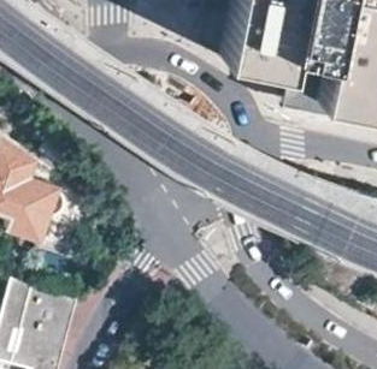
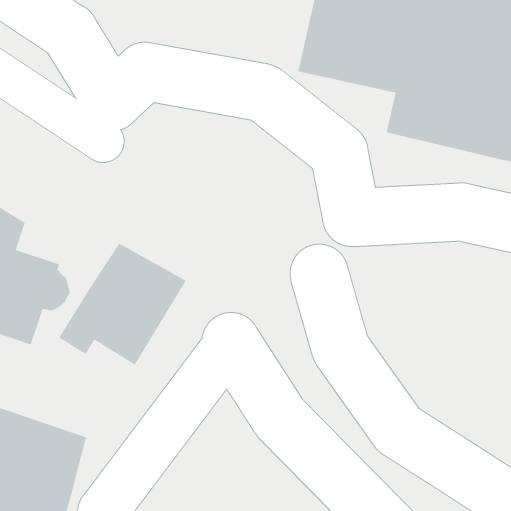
building: none -> [58,243,187,365]

